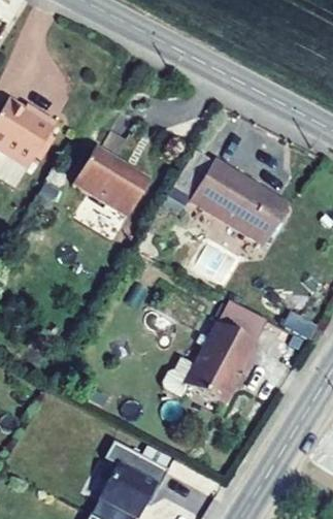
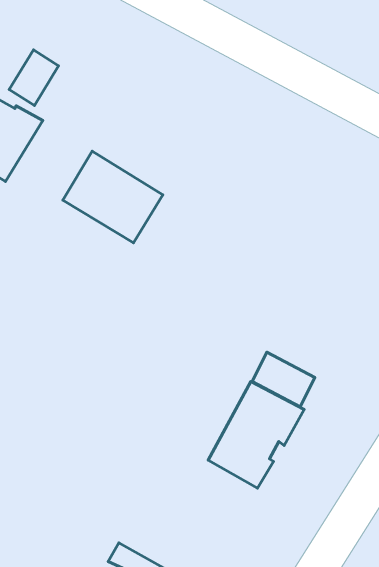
building: none -> [9,50,59,106]
building: [192,159,291,248] -> none

